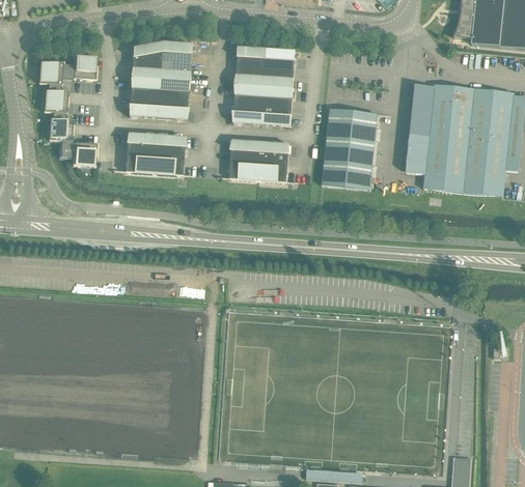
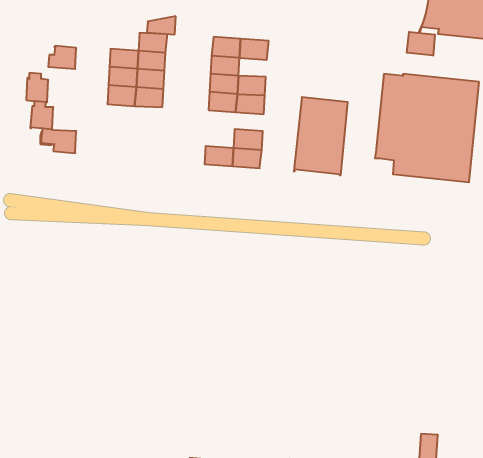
building: none -> [407,32,435,56]
building: [132,41,162,60] -> [147,16,176,34]
building: [39,60,68,84] -> none
building: [265,67,294,87] -> none
building: [125,133,185,174] -> none
building: [230,139,260,161] -> none

